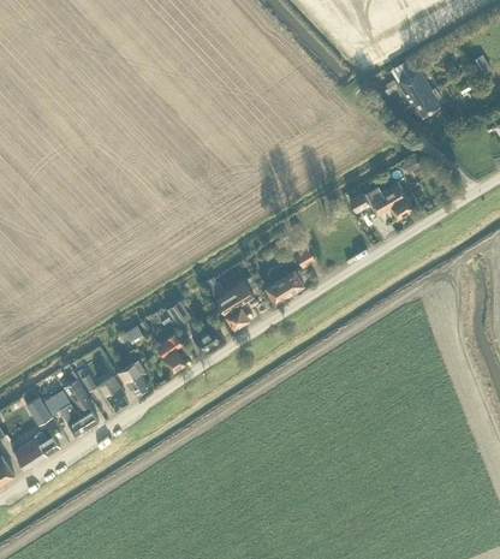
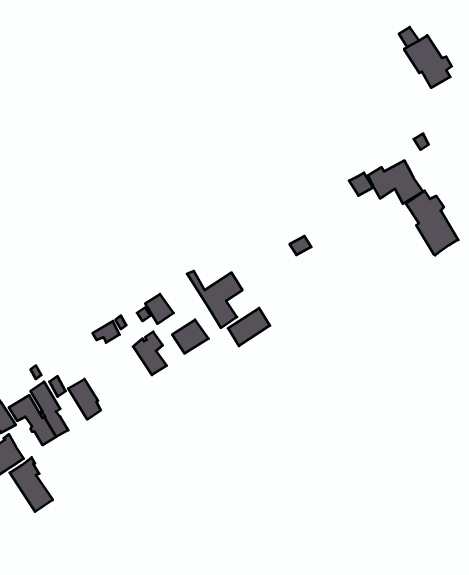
building: none -> [406,191,458,255]
building: [264,269,302,303] -> [228,308,270,346]
building: [118,362,149,397] -> none
building: none -> [10,457,53,512]

